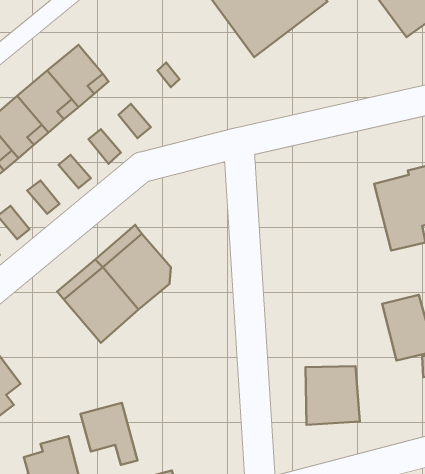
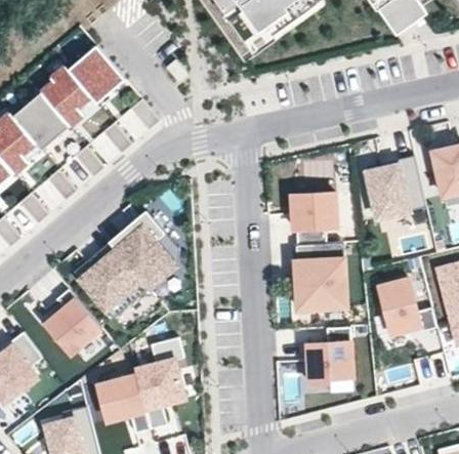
building: none -> [287,190,339,230]
building: none -> [296,242,348,308]
building: none -> [47,289,103,354]
building: none -> [134,336,184,427]

